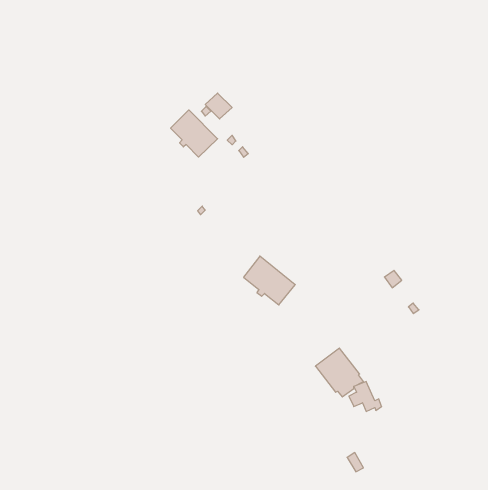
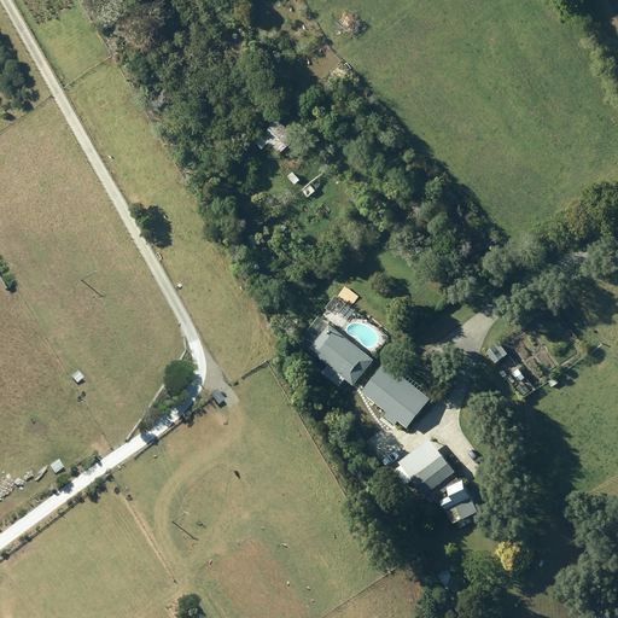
building: [171,110,218,157] -> none
building: none -> [360,366,428,427]

